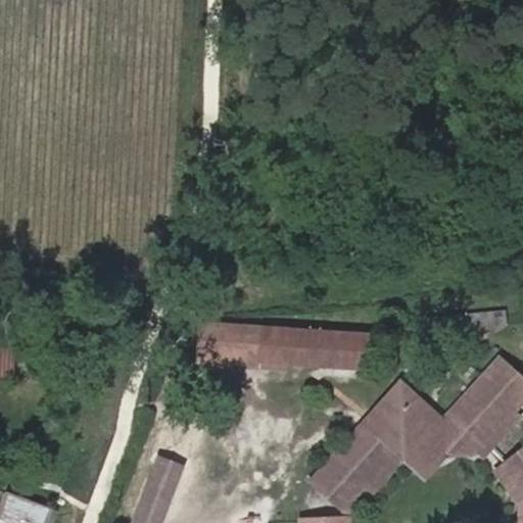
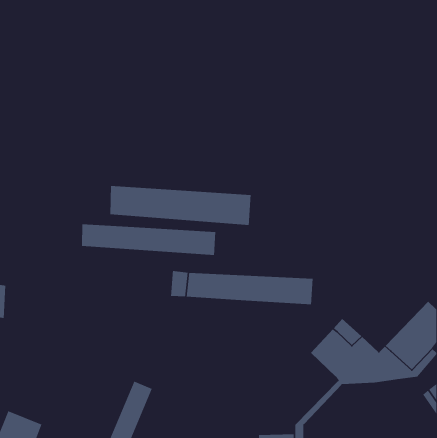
building: none -> [109,185,252,226]
building: none -> [81,223,216,256]
building: [314,422,397,507] -> none

